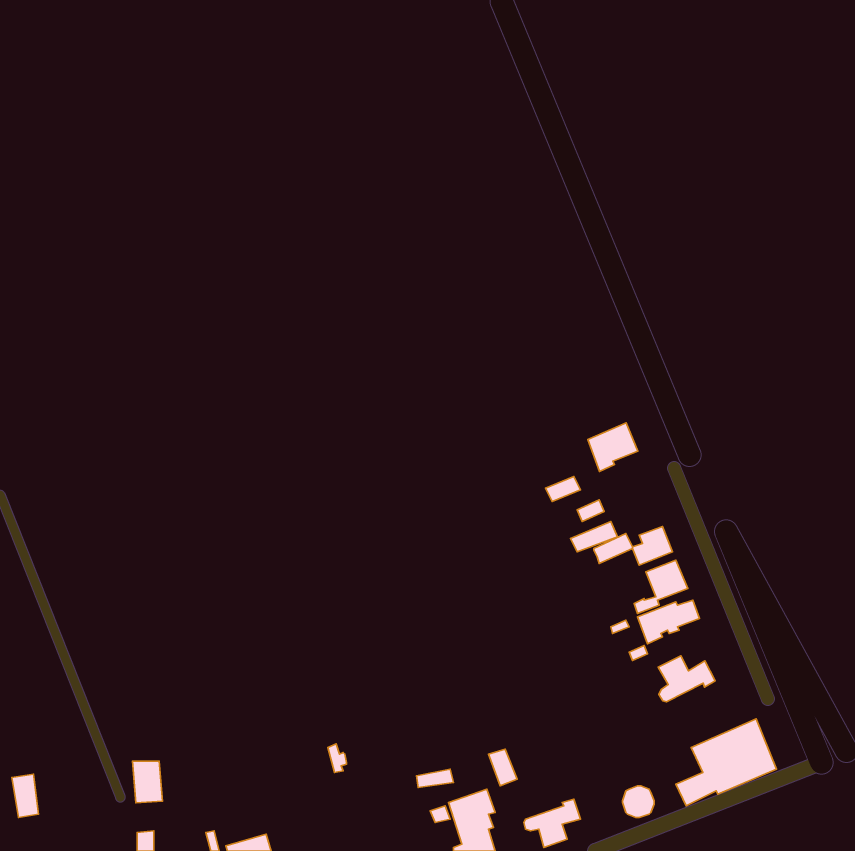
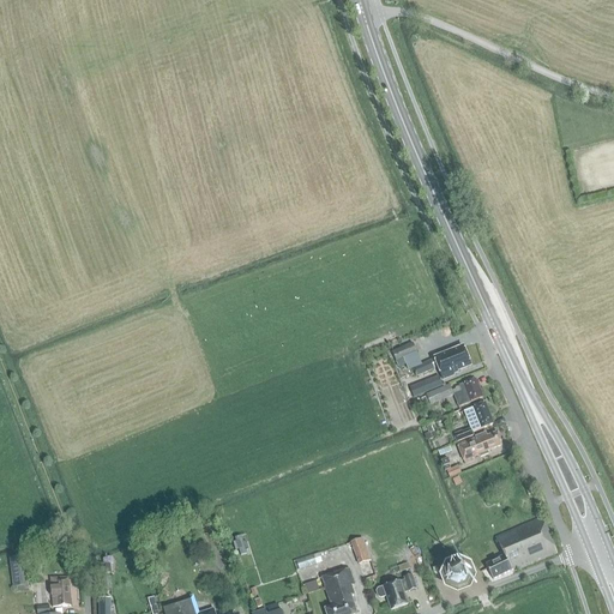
building: [588,423,638,471] -> [434,344,470,379]
building: [658,656,715,702] -> none
building: [132,761,163,803] -> [49,576,71,606]

